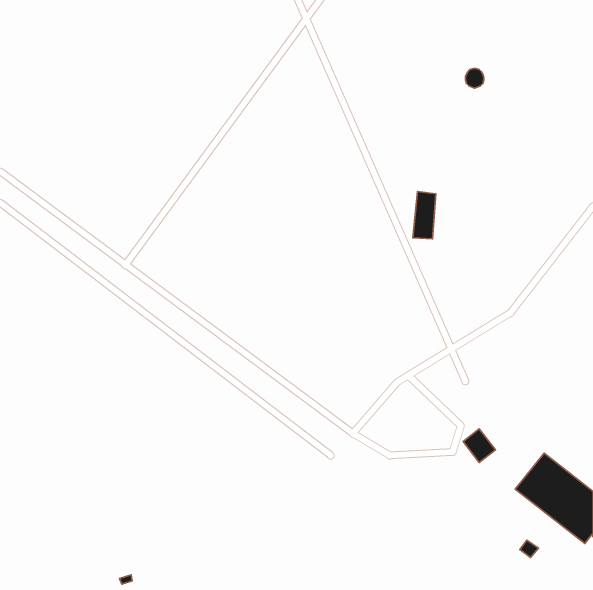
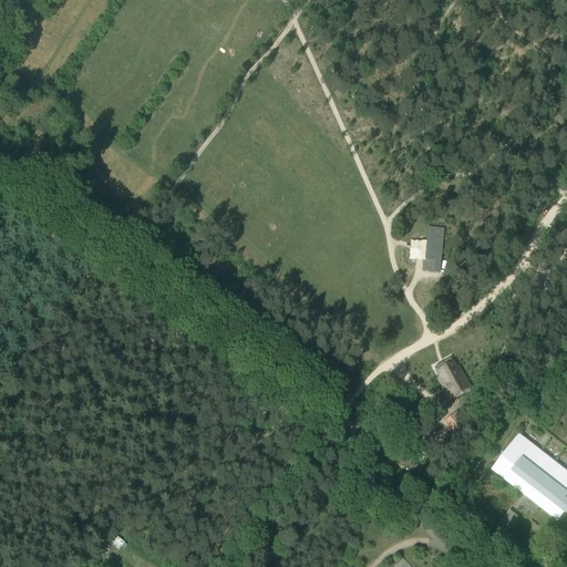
building: [413,191,436,239] -> [422,225,444,270]
building: none -> [436,360,470,398]

